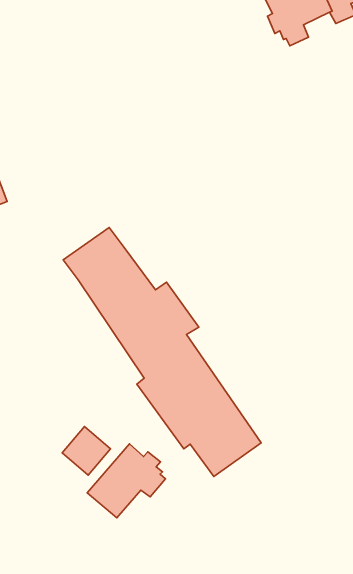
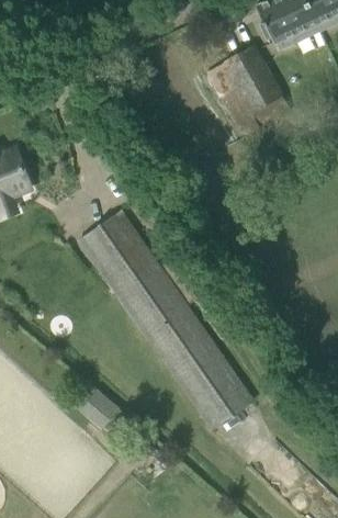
building: none -> [207,45,291,136]
building: [87,444,166,518] -> none

